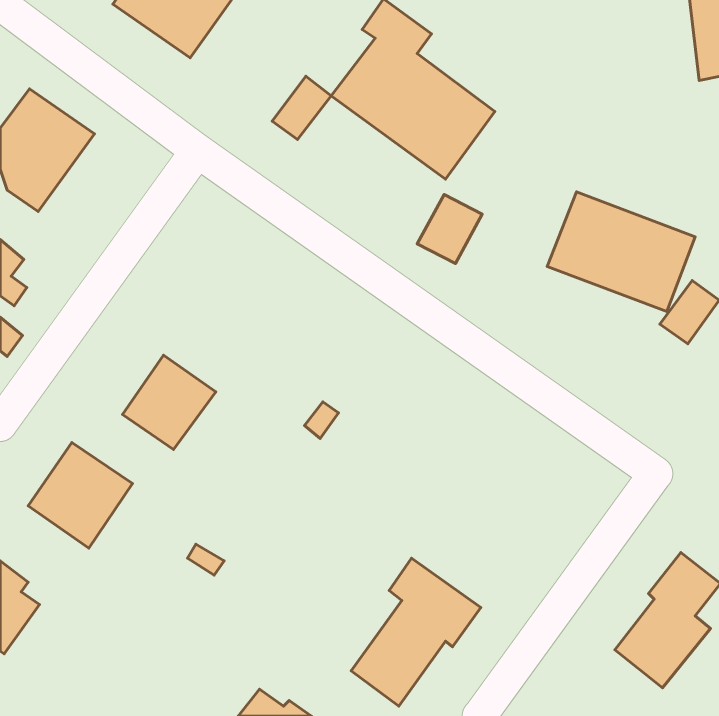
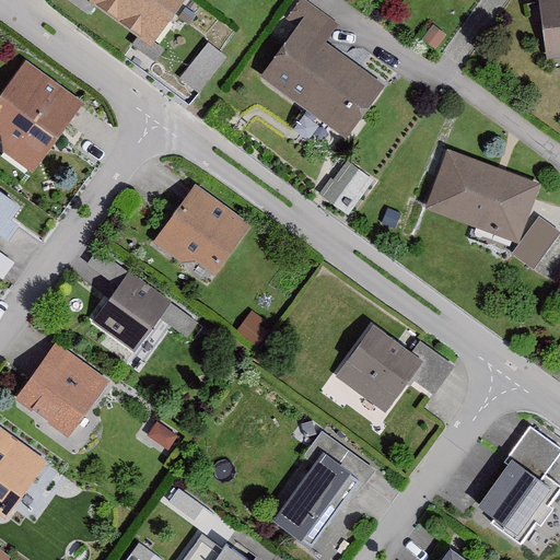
building: [272,76,331,140] -> [184,34,230,83]
building: none -> [161,187,245,265]
building: none -> [335,326,454,413]

